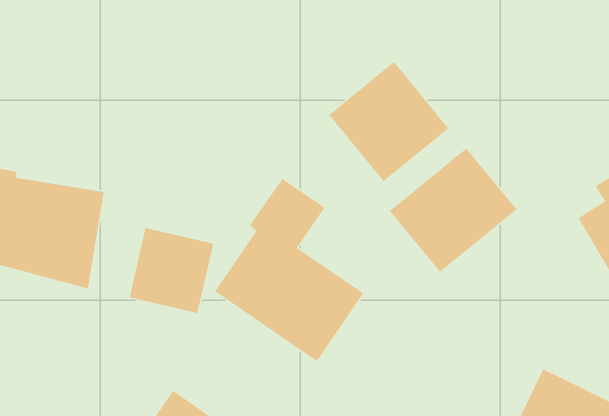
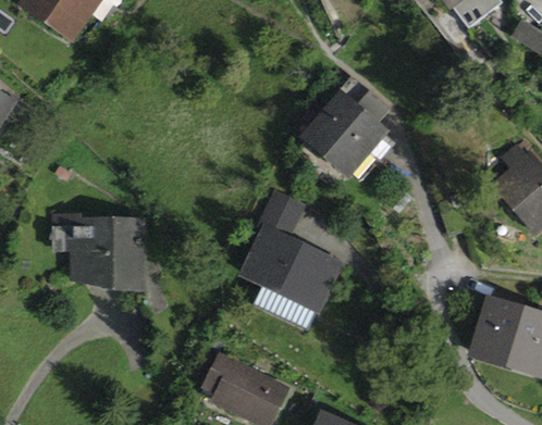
building: [389,147,517,273] -> none
building: [129,227,214,314] -> none

